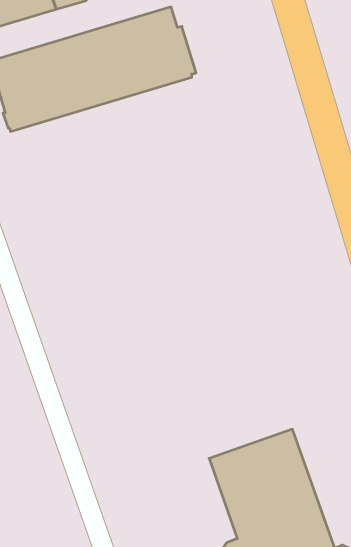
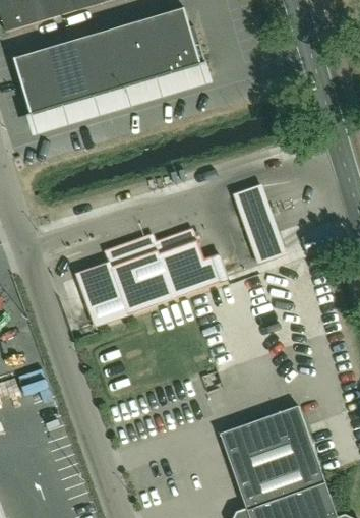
building: none -> [241,182,294,266]
building: none -> [71,229,227,331]

